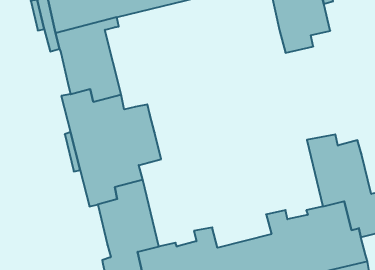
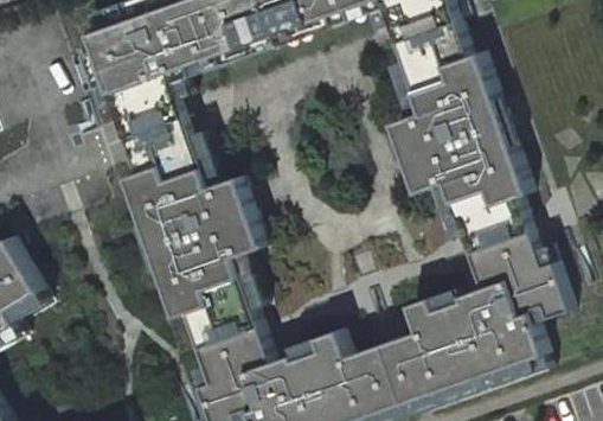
building: none -> [394,50,532,204]

